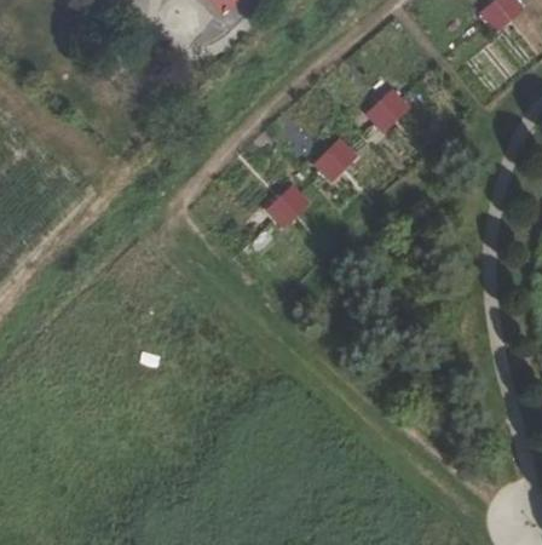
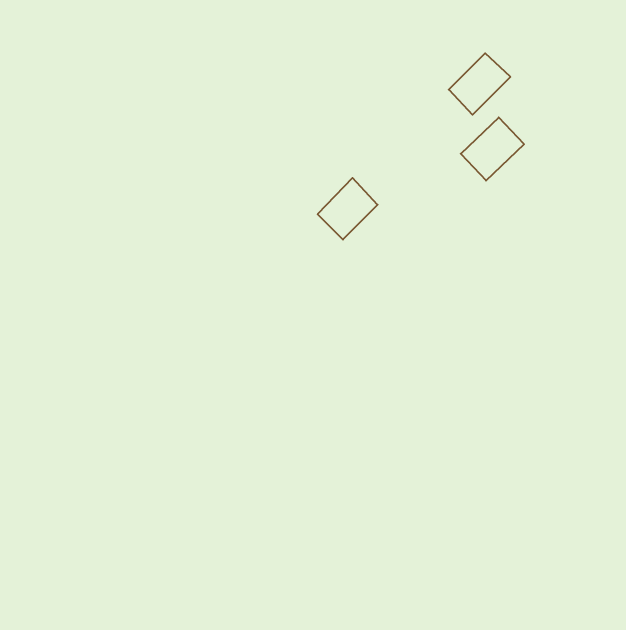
building: [311,133,359,182] -> [461,117,524,181]

